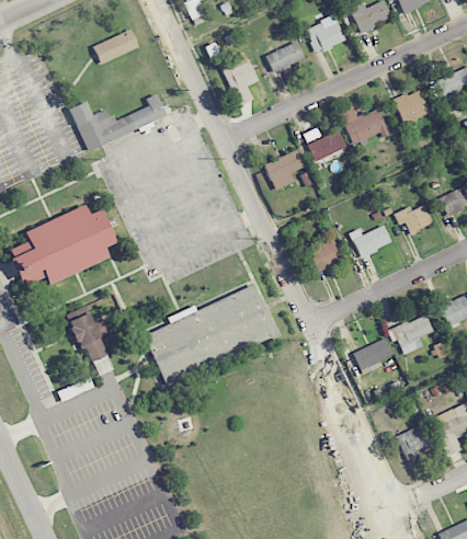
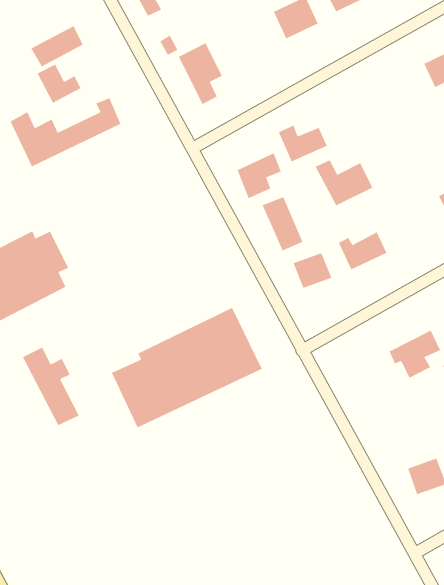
building: [265,43,305,72] -> none
building: none -> [37,64,82,104]
building: [395,90,430,123] -> none
building: [338,104,388,146] -> [314,159,374,207]
building: none -> [261,196,303,252]
building: [395,205,433,234] -> none
building: [354,340,394,370] -> none

